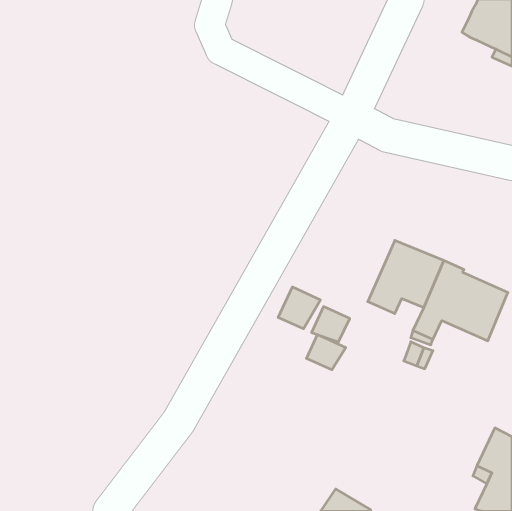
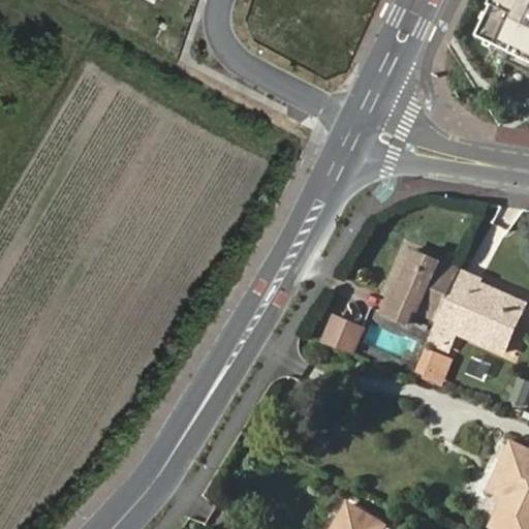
building: [278,287,320,329] -> none
building: [306,335,346,370] -> none

